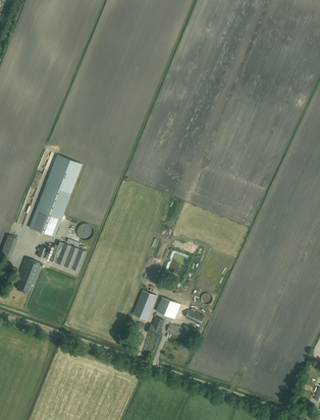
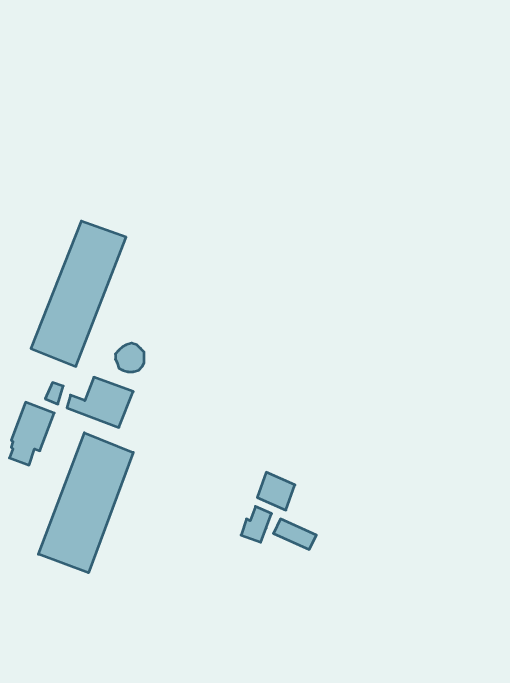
building: none -> [38,433,133,573]
building: [132,289,157,319] -> none

